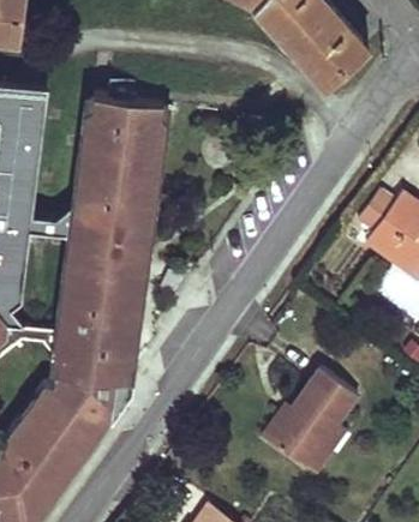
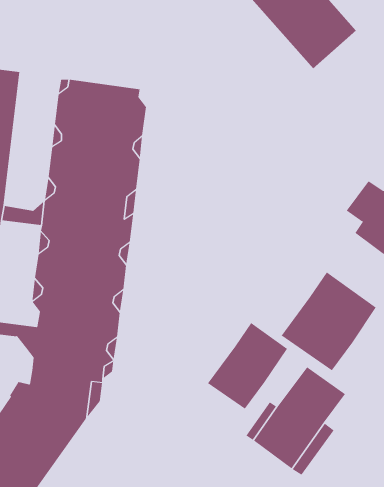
building: none -> [281,271,377,371]
building: none -> [207,322,288,410]

